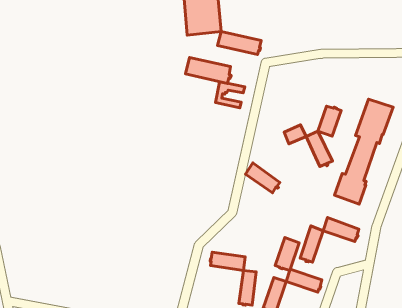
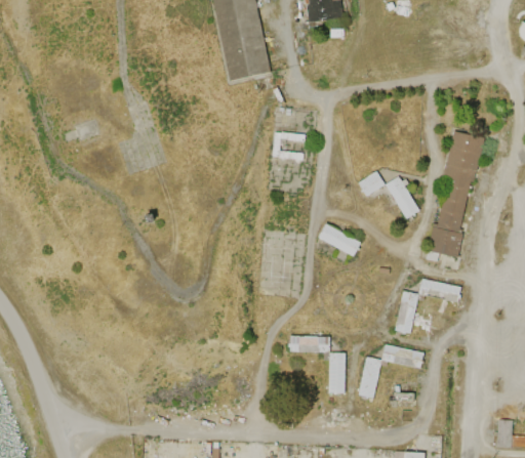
building: [218,32,261,55] -> none
building: [186,58,231,83] -> none
building: [318,106,341,136] -> none
building: [275,238,299,271] -> none

